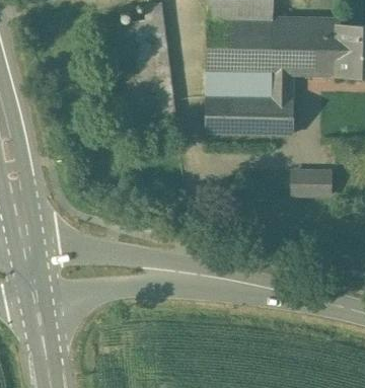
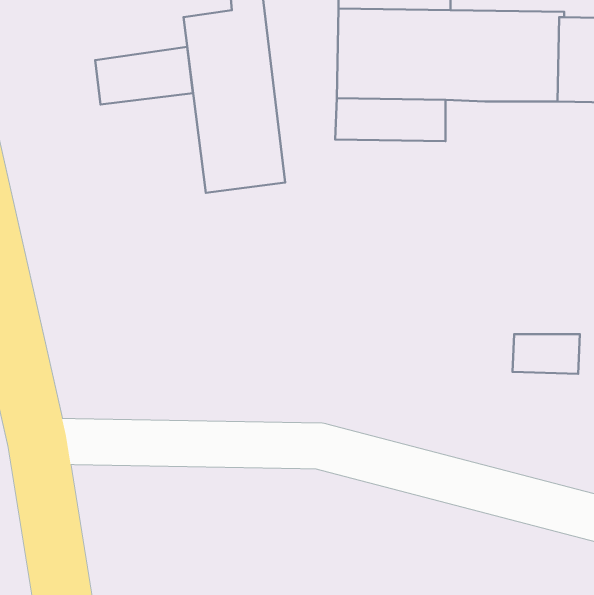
building: none -> [95,47,193,104]
building: [205,72,293,135] -> none
building: [290,172,330,196] -> [513,334,580,374]

